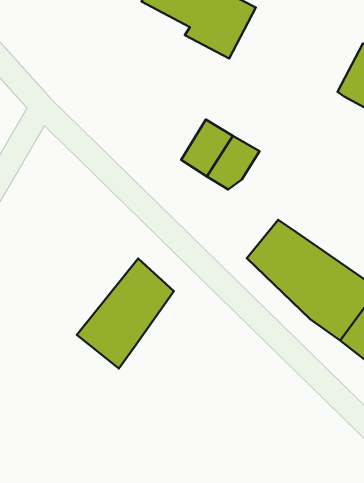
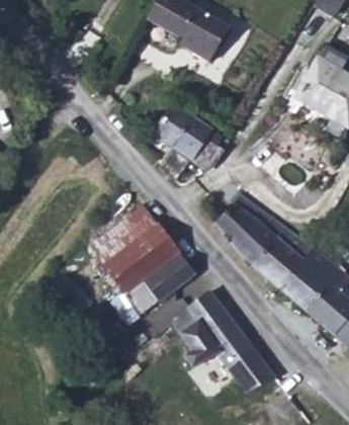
building: none -> [155,99,197,145]
building: none -> [130,247,183,305]
building: none -> [170,293,266,395]

